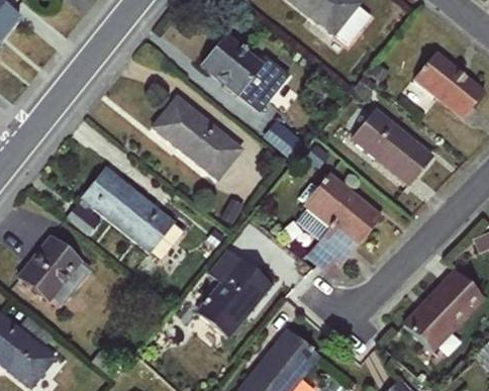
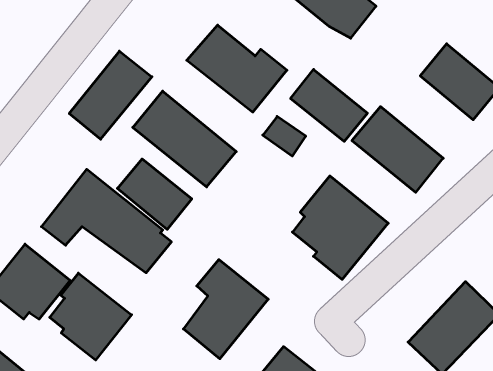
building: none -> [69,51,152,139]
building: none -> [291,69,367,141]
building: none -> [117,159,192,229]
building: none -> [50,273,132,360]

